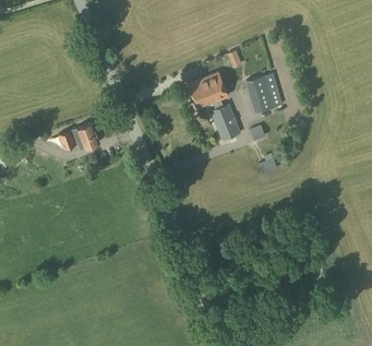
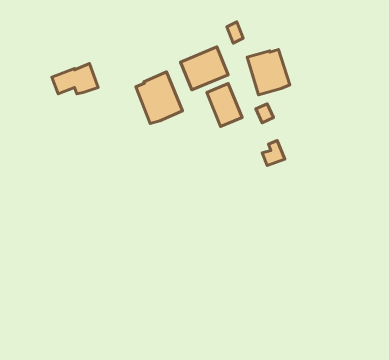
building: none -> [136,72,183,124]
building: [58,123,98,150] -> [52,63,98,94]

